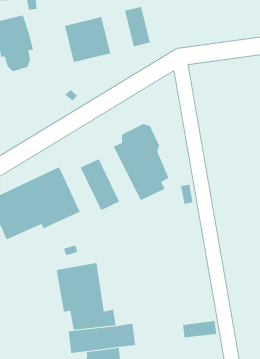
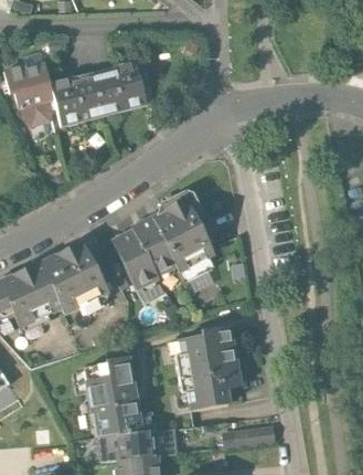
building: [125,6,150,47] -> none
building: none -> [51,71,103,125]
building: none -> [131,215,177,278]
building: none -> [167,326,243,411]

